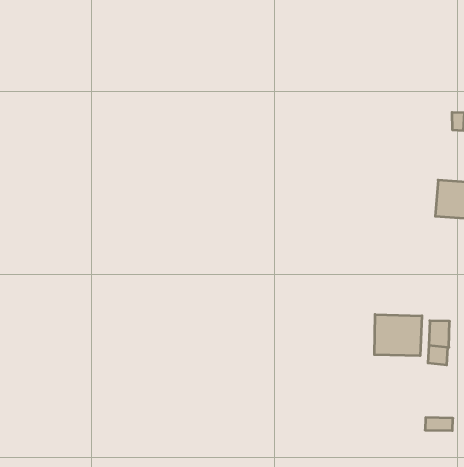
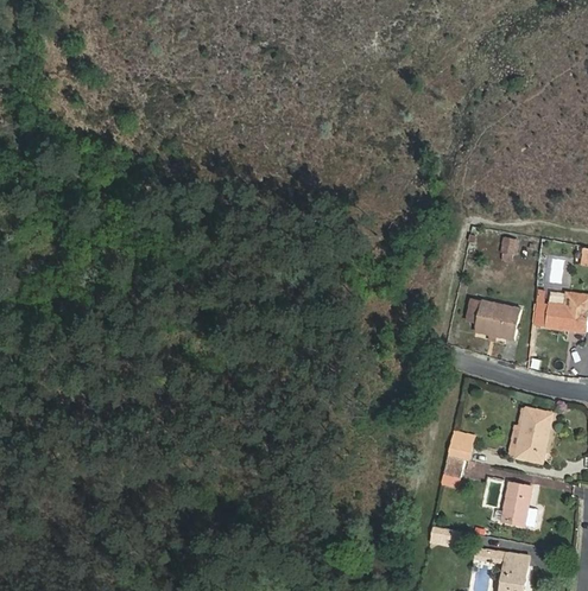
building: [374,314,422,356] -> none

